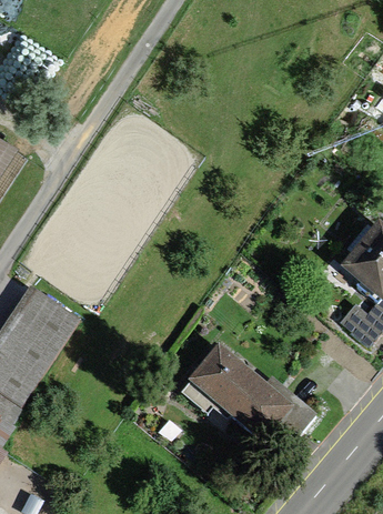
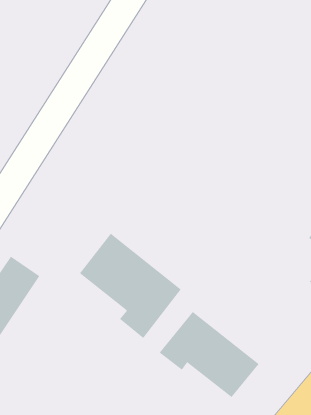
building: none -> [79,233,182,339]

